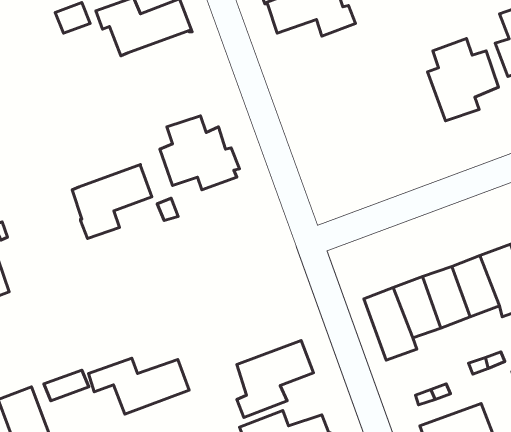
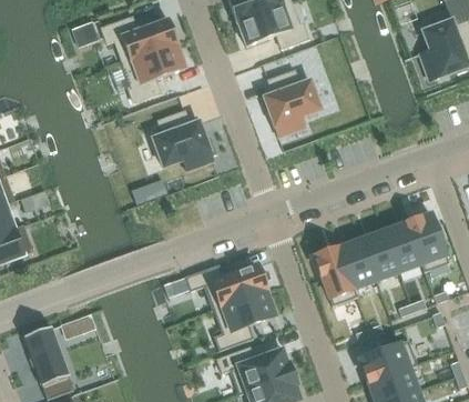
building: [427,38,499,121] -> [264,69,320,134]
building: [72,165,152,239] -> [122,42,185,101]
building: [89,358,189,414] -> [185,263,265,308]

